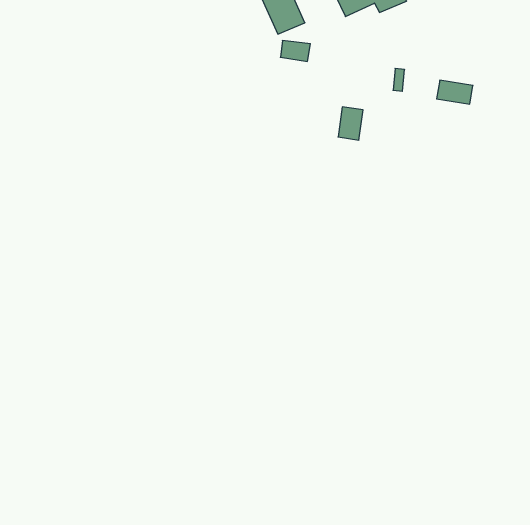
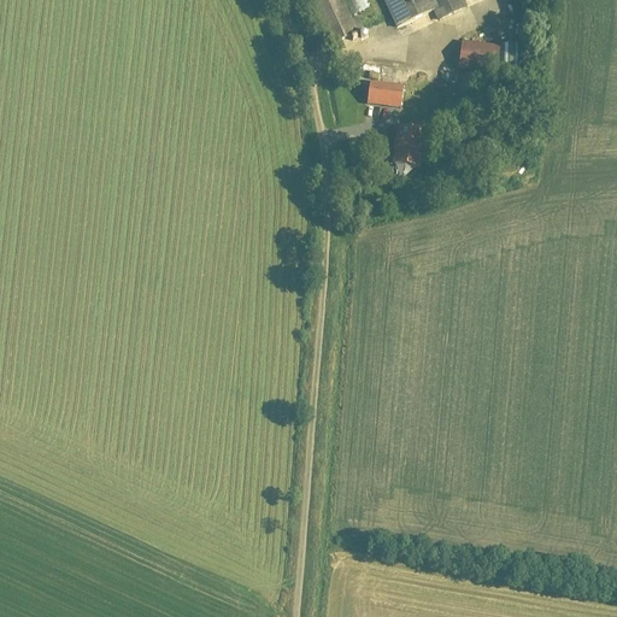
building: [280,41,310,61] -> [368,80,402,104]
building: [437,80,473,104] -> [462,41,504,69]

